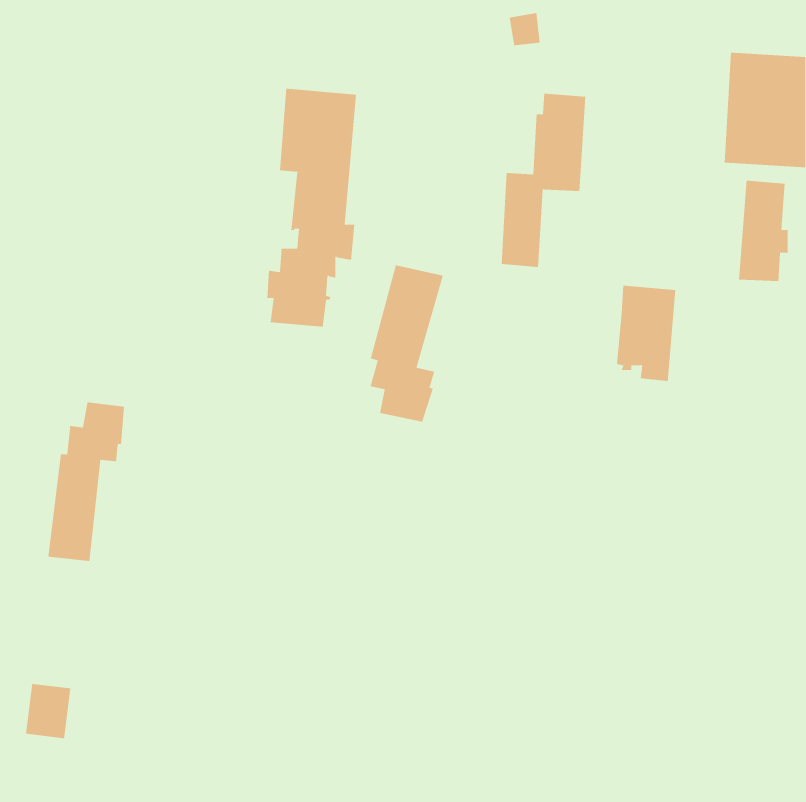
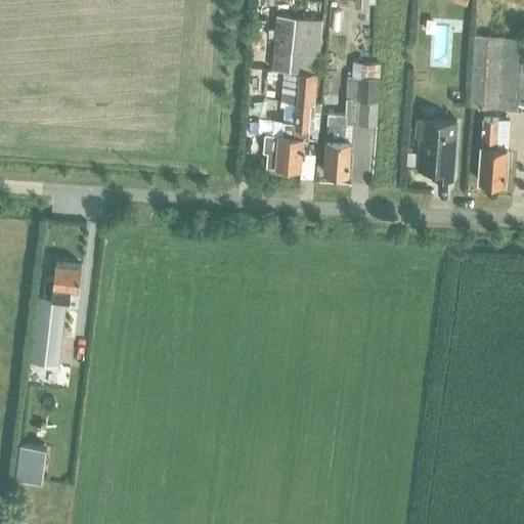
building: [267,88,357,327] -> [263,18,321,173]
building: [370,265,444,422] -> none
building: [616,285,676,382] -> [418,121,456,183]

